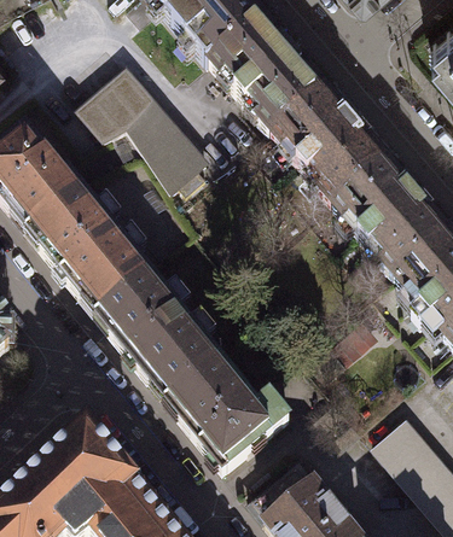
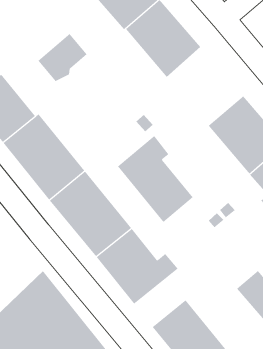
building: [274,87,389,204] -> none
building: [130,98,210,191] -> none
building: none -> [117,135,194,223]

